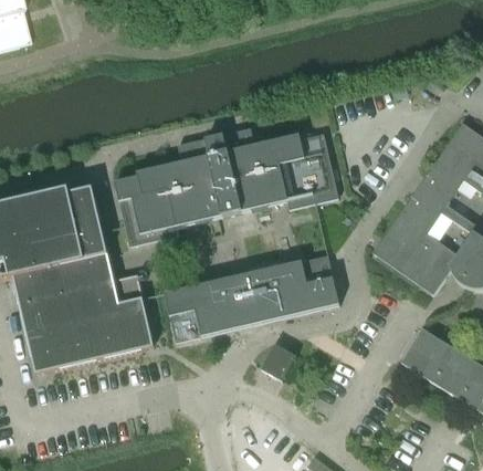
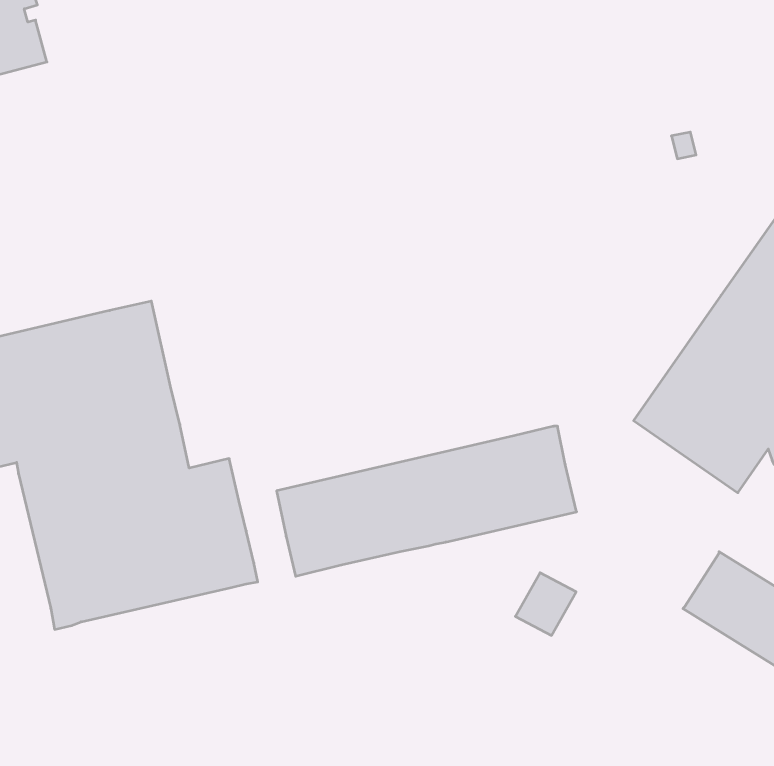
building: [115,127,338,245] -> none
building: [261,343,296,379] -> [515,573,576,635]

